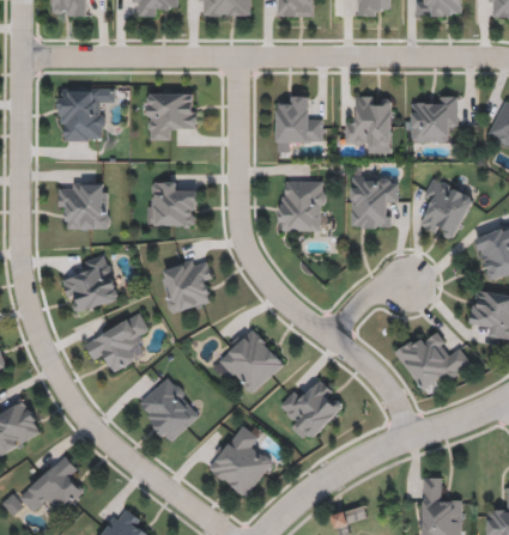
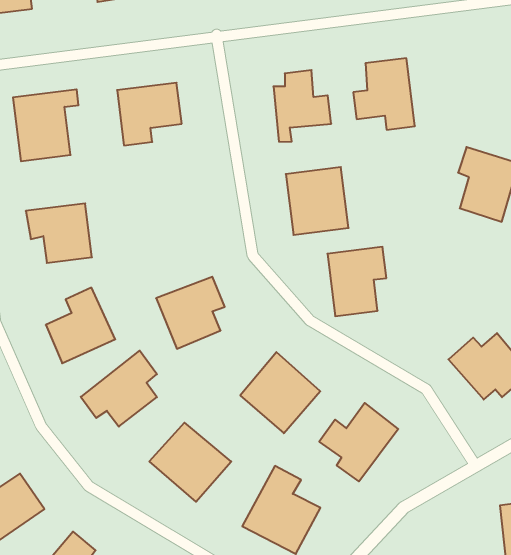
building: [411,96,458,141] -> none
building: [351,175,398,227] -> [327,247,386,316]
building: [151,182,198,225] -> none

